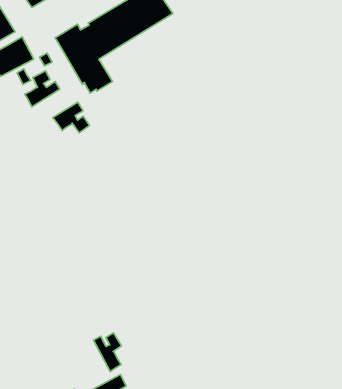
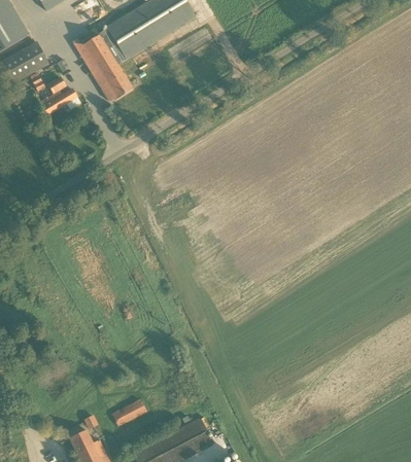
building: [53,102,89,133] -> none
building: [93,333,121,372] -> none

